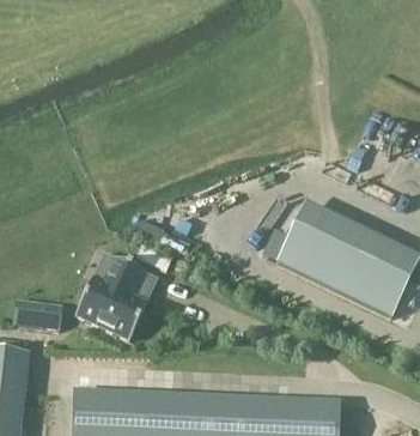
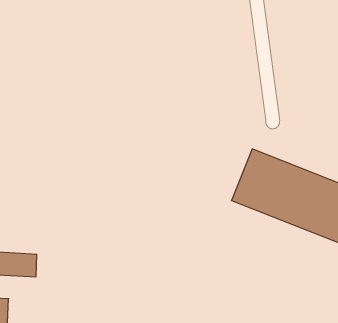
building: [74,254,146,338] -> none

